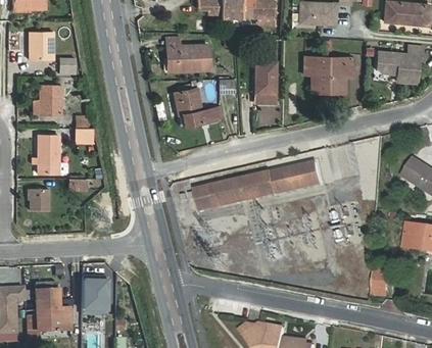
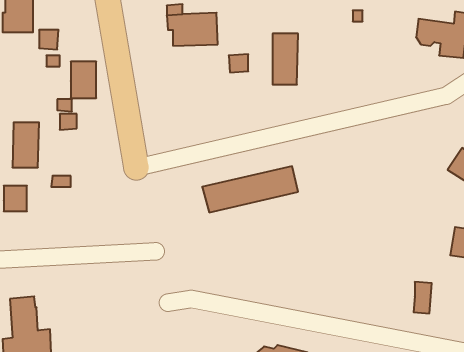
building: [304,57,352,92] -> none
building: [40,85,61,115] -> [71,62,96,98]
building: [174,89,219,127] -> none
building: [274,161,321,193] -> none
building: [82,277,106,313] -> none

